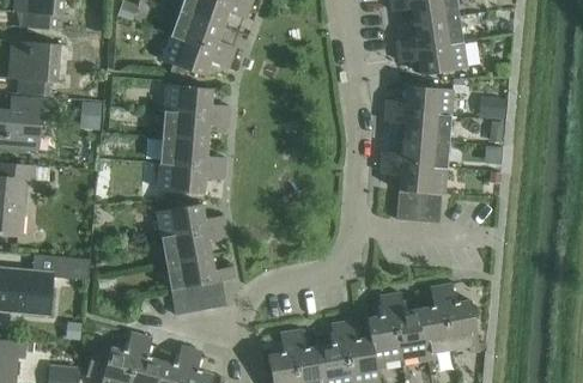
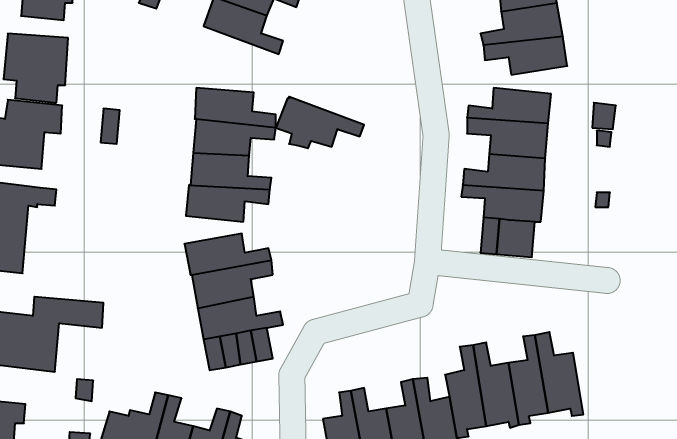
building: [159,34,231,75] -> [276,97,364,148]

